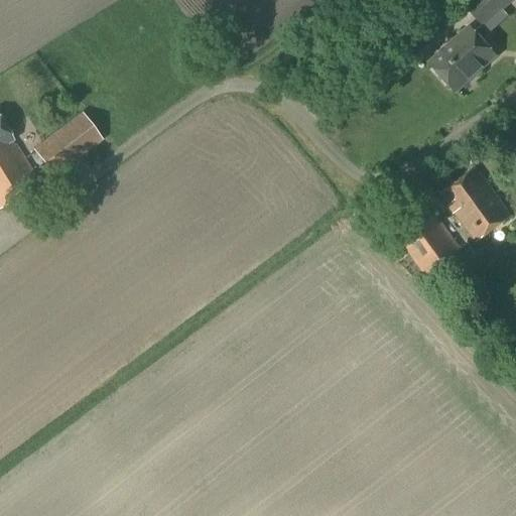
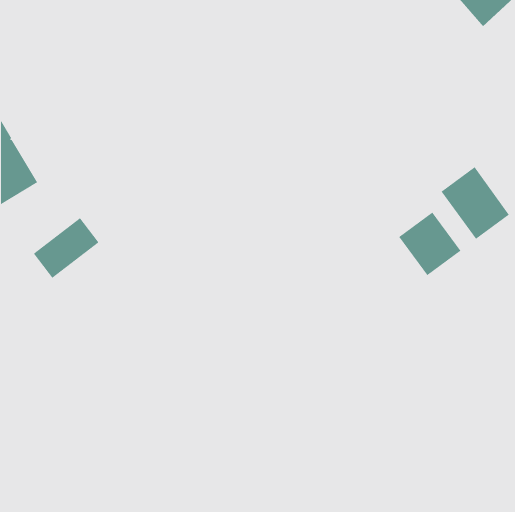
building: [432,26,496,88] -> none
building: [34,112,101,173] -> [33,217,99,279]

